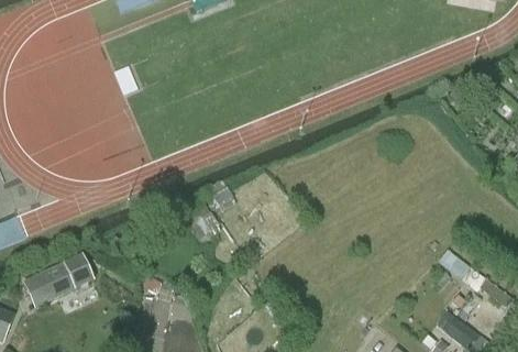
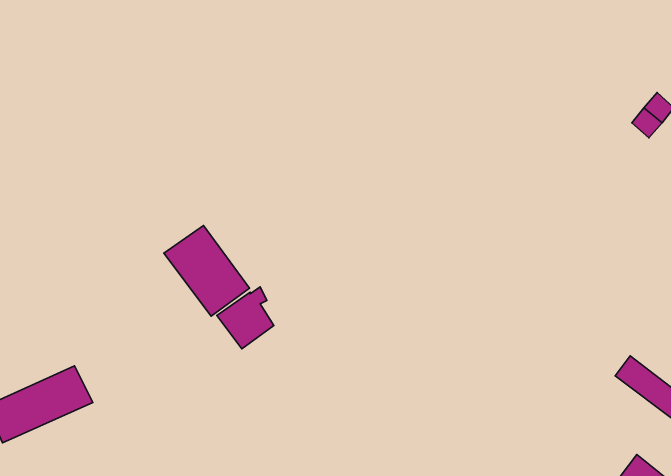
building: none -> [164,225,250,316]

